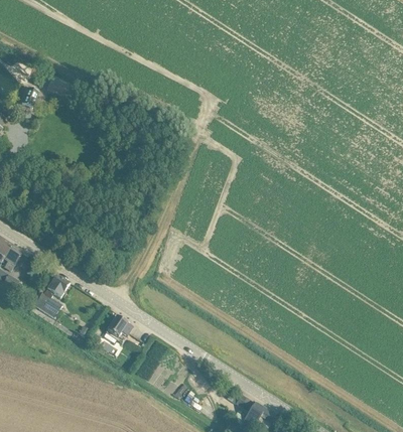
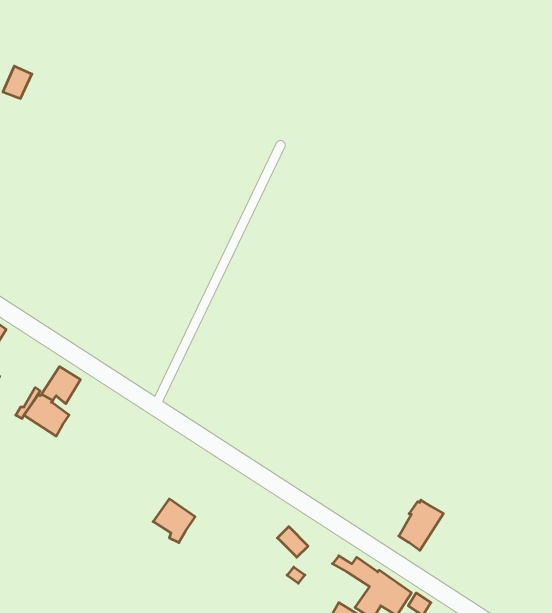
building: [106,315,132,342] -> [153,499,195,543]
building: none -> [399,500,443,550]

